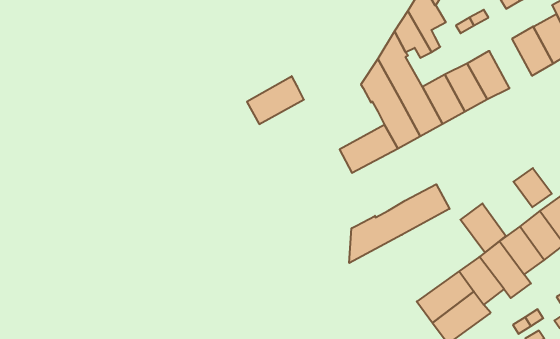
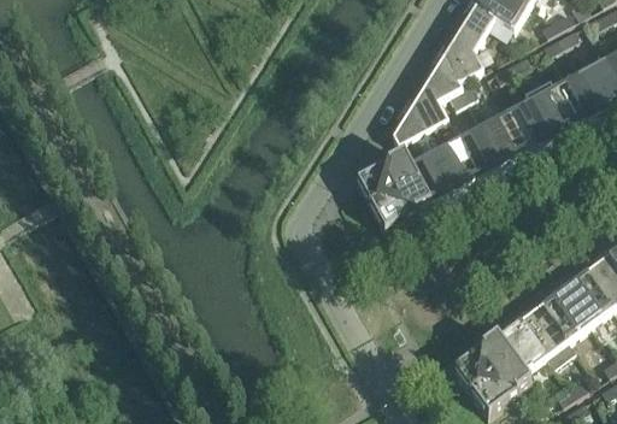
building: none -> [527,72,578,135]
building: [247,76,304,124] -> [358,149,419,201]
building: [513,168,552,207] -> none
building: [349,184,450,263] -> none
building: [460,203,506,253] -> none

